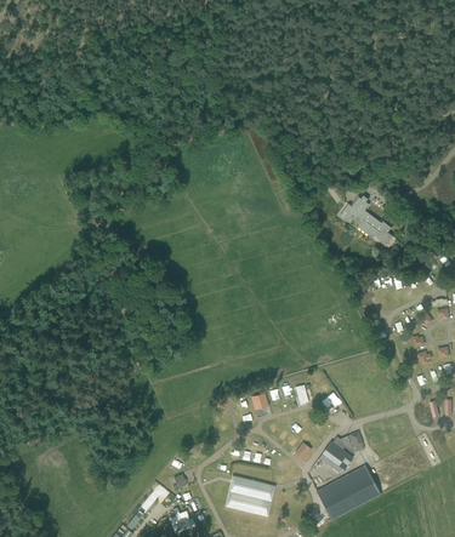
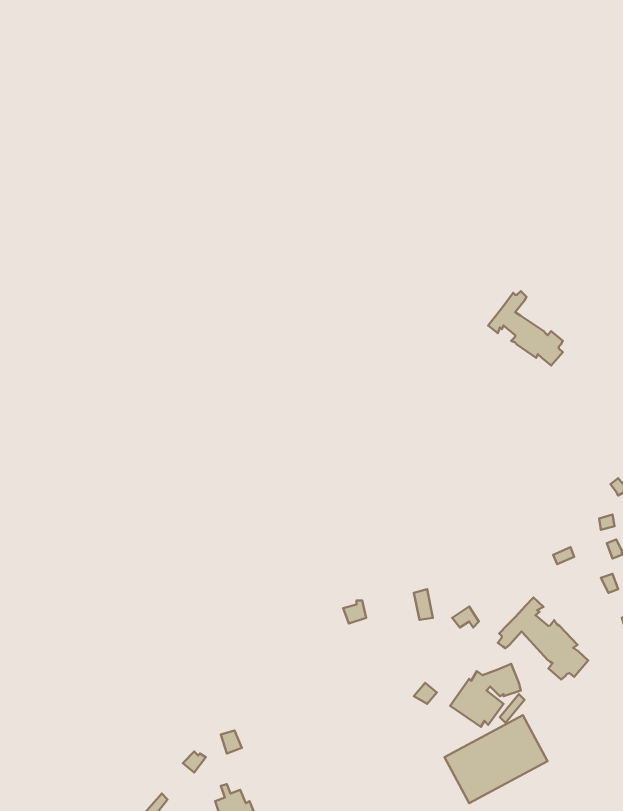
building: none -> [498,598,588,679]
building: [224,475,275,516] -> none

